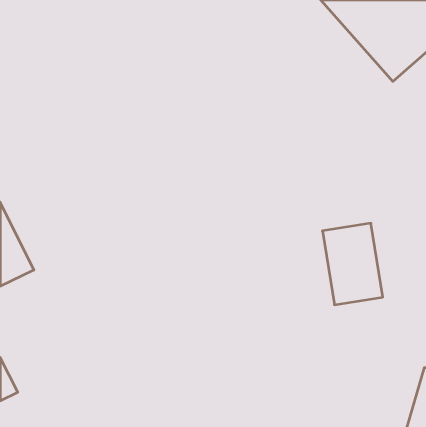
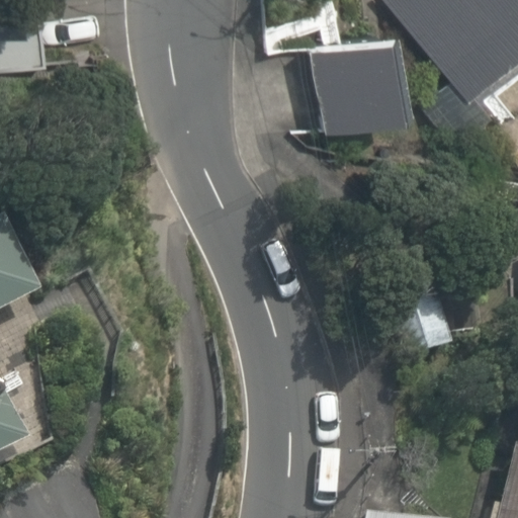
building: none -> [303,32,405,126]

